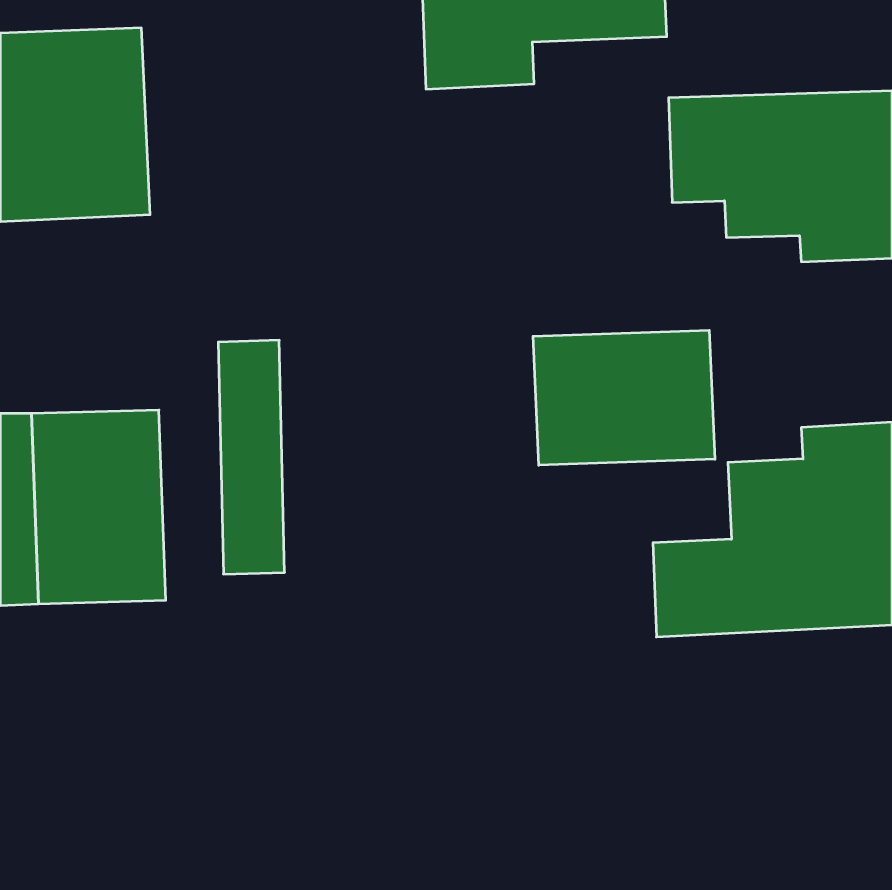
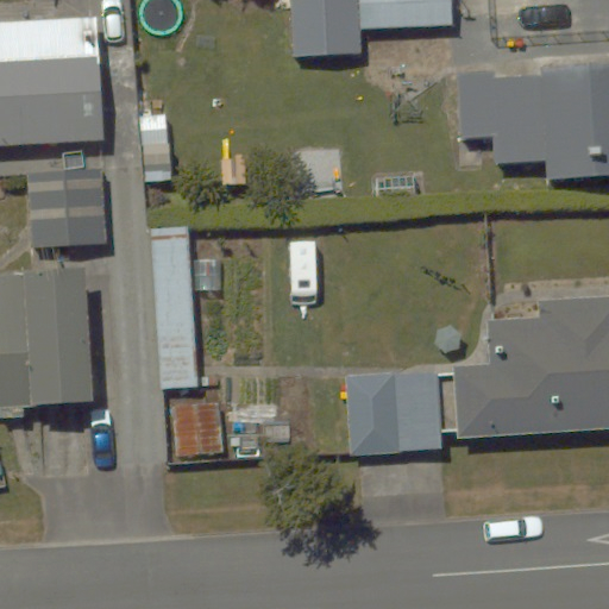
building: none -> [26,167,109,243]
building: [533,330,715,465] -> none
building: none -> [344,370,448,457]

